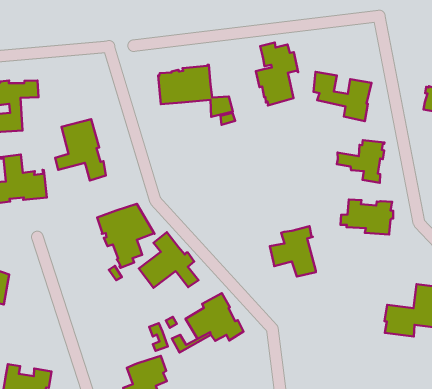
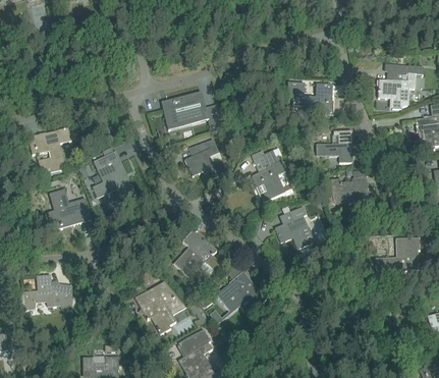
building: [256,42,298,105] -> [251,149,284,200]
building: none -> [183,138,220,178]
building: [97,204,155,268] -> [134,280,182,333]

